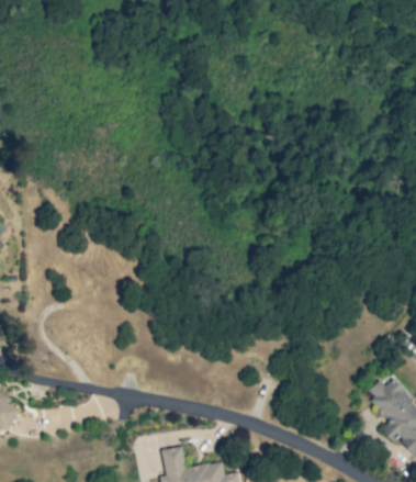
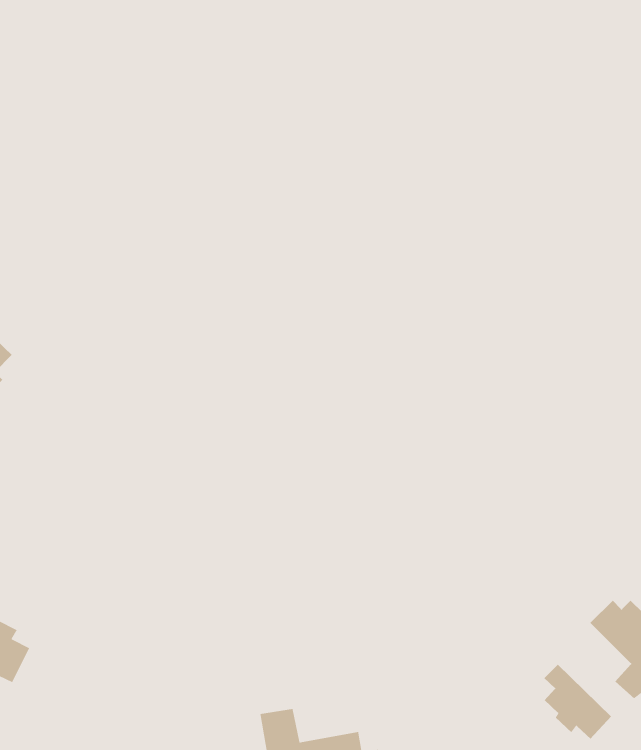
building: none -> [543,664,612,740]

